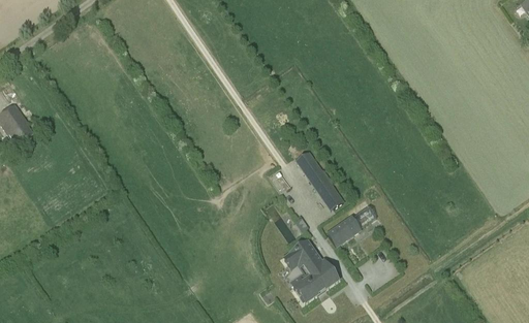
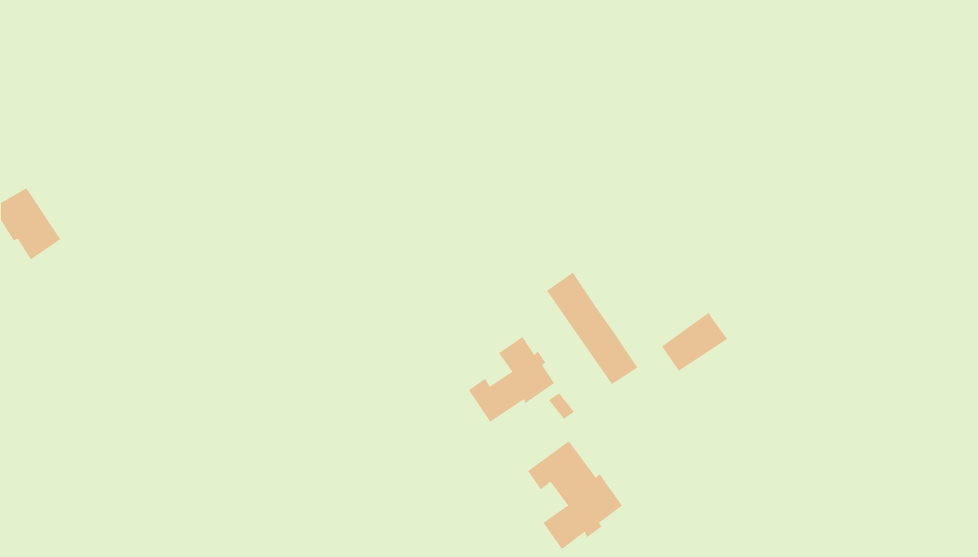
building: none -> [468,336,555,423]
building: [325,215,362,247] -> [661,312,728,371]

